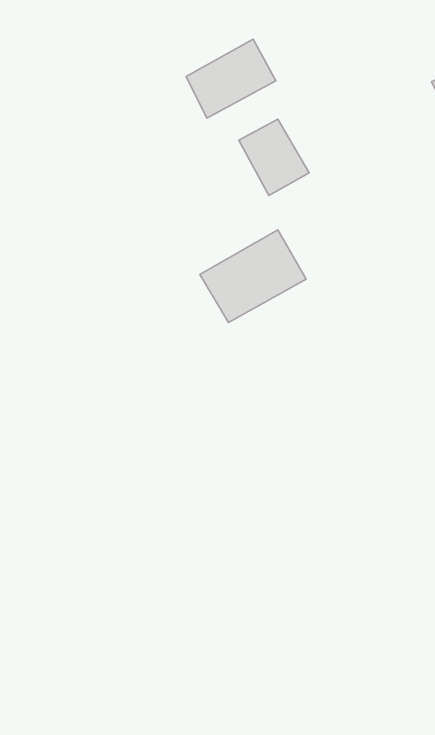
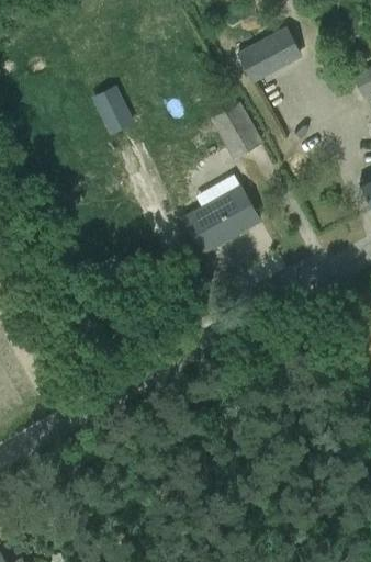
building: [186,39,276,118] -> [237,26,303,85]
building: none -> [93,89,130,133]

